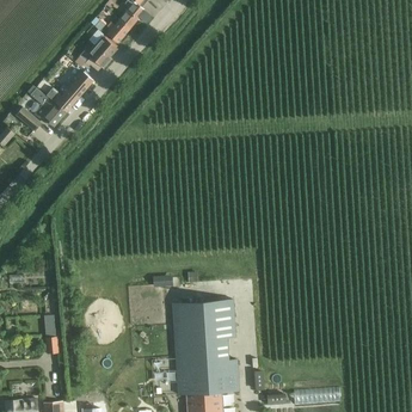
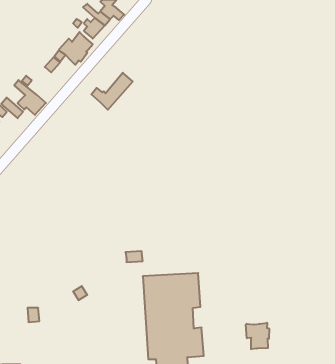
building: [48,72,93,112] -> [91,73,133,110]
building: none -> [246,323,269,349]

